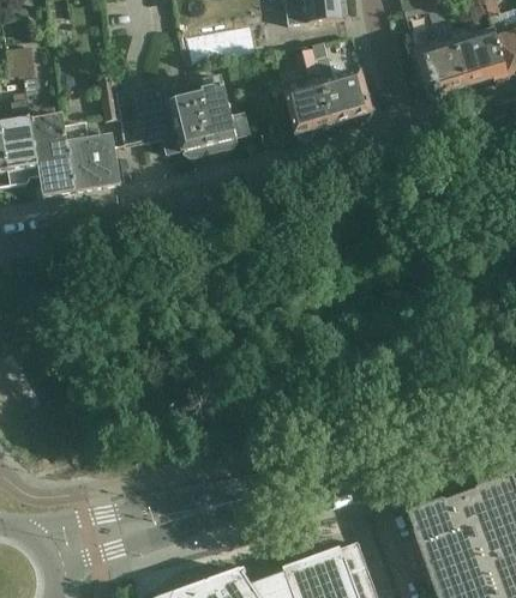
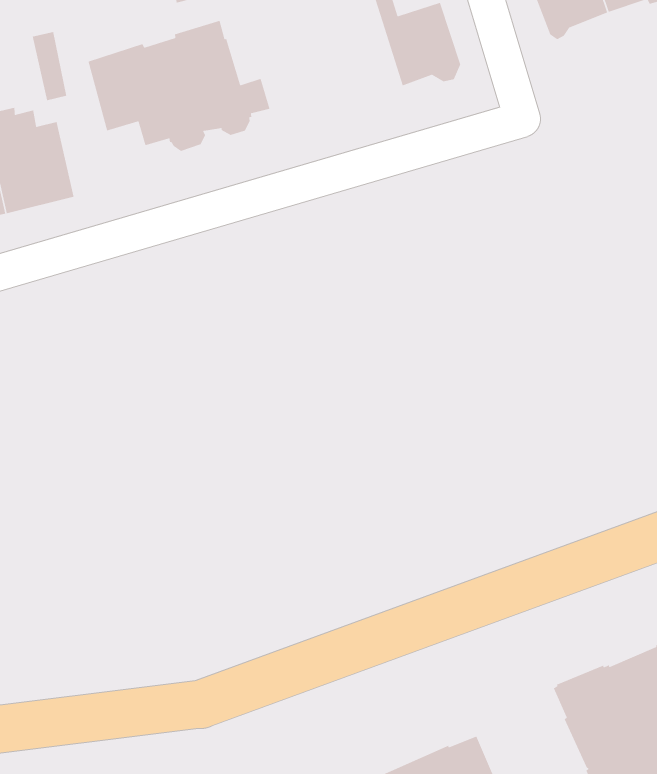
building: [281,77,334,140] -> none

